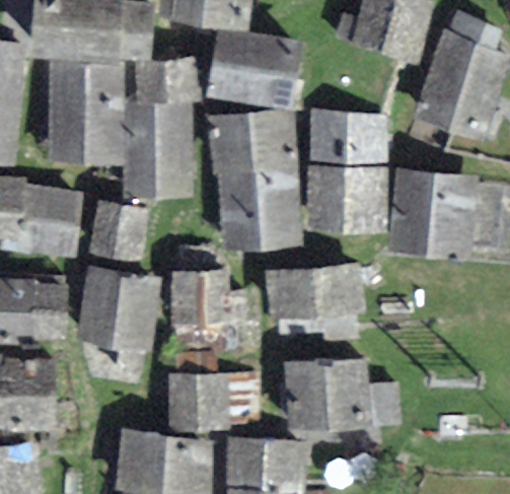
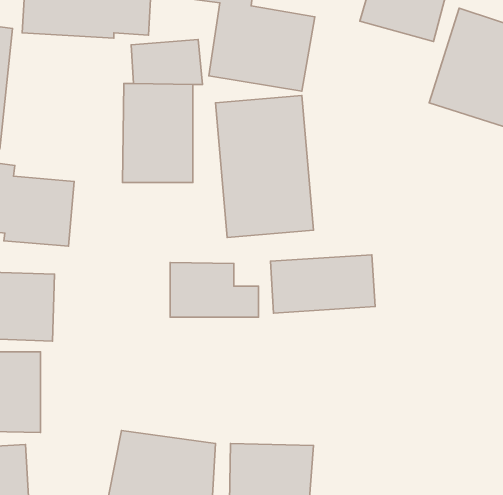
building: [49,64,122,163] -> none
building: [309,113,387,229] -> none
building: [389,169,479,257] -> none
building: [76,202,162,352] -> none
building: [284,360,371,431] -> none
building: [166,374,228,431] -> none

